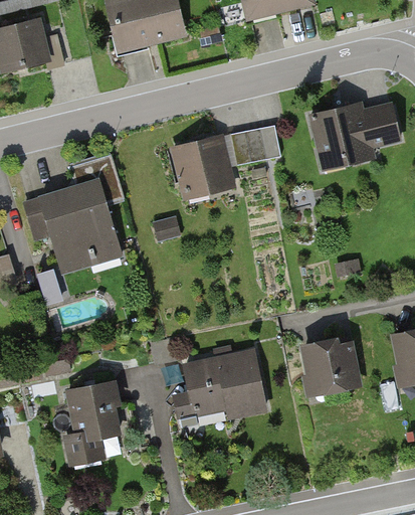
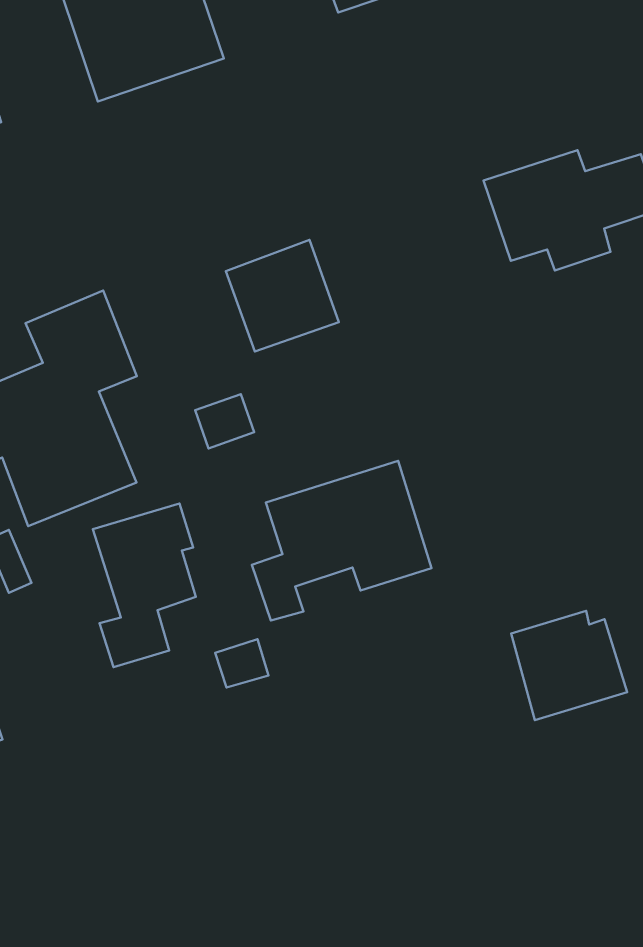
building: [230,125,281,165] -> none
building: [175,351,266,426] -> [252,461,432,620]
building: [67,380,119,461] -> [93,503,196,667]

